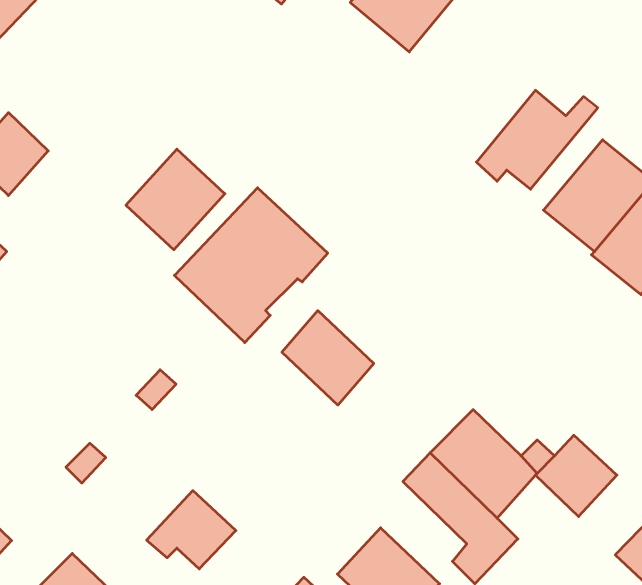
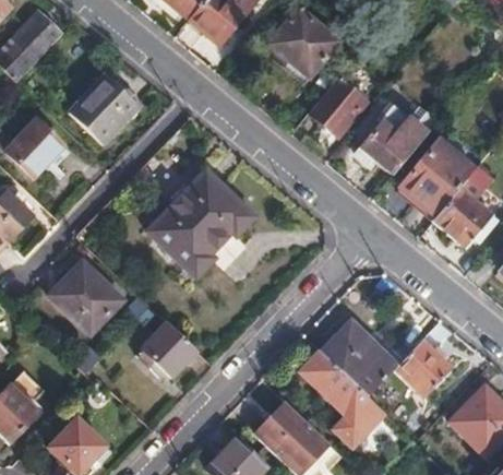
building: none -> [308,76,366,134]
building: [126,149,225,250] -> [68,74,135,143]
building: [282,311,374,405] -> none
building: none -> [49,260,121,332]
building: [147,491,236,569] -> [135,322,196,376]

